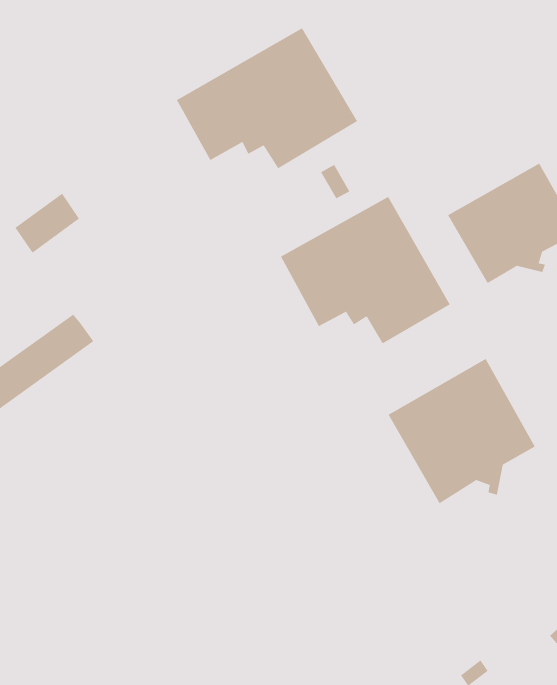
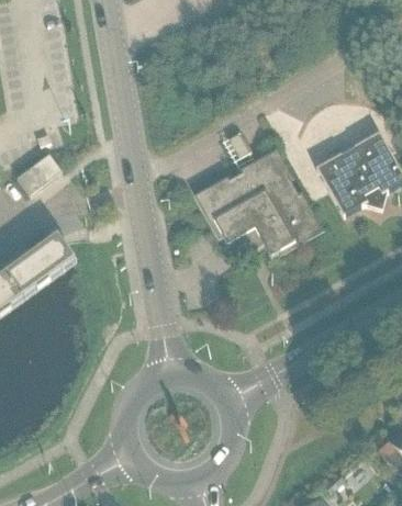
building: [176,27,358,169] -> none
building: [388,358,536,504] -> none

